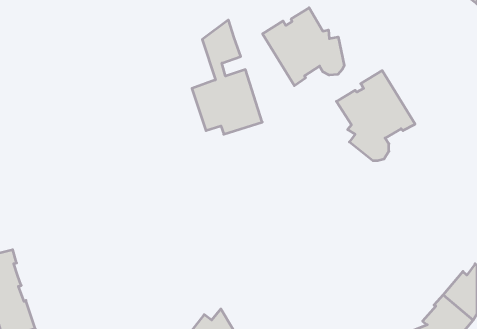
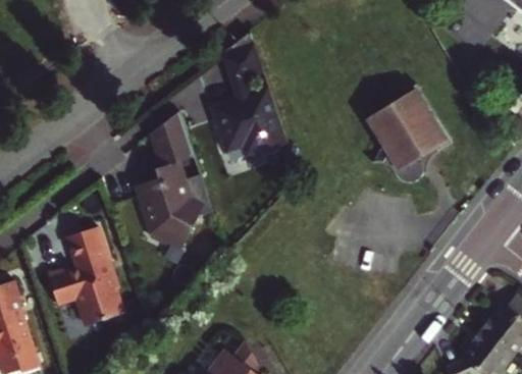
building: [263,8,344,86] -> none
building: none -> [135,110,211,247]
building: none -> [47,226,122,325]

